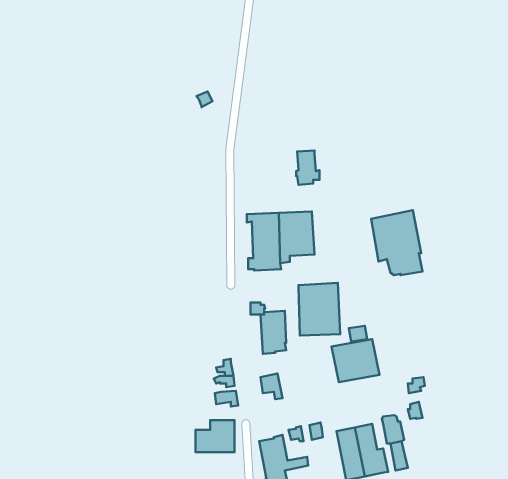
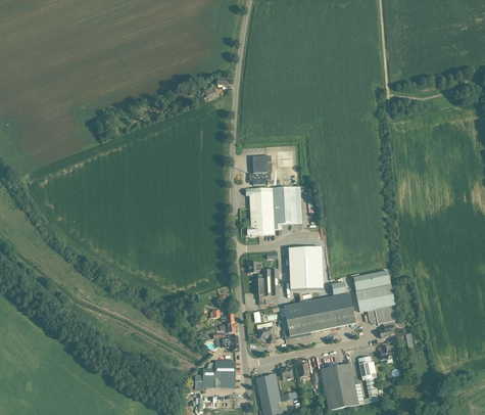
building: [296,150,319,185] -> [250,155,270,184]
building: [371,210,423,275] -> [352,269,395,323]
building: none -> [278,298,322,339]

